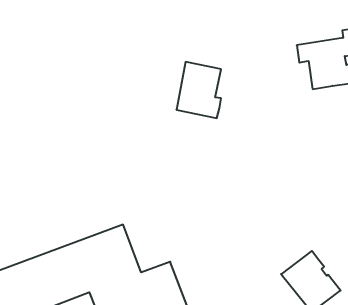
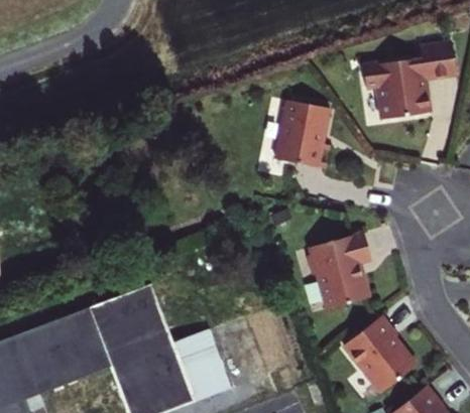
building: [176,62,221,118] -> [274,100,329,168]
building: none -> [309,235,372,312]

